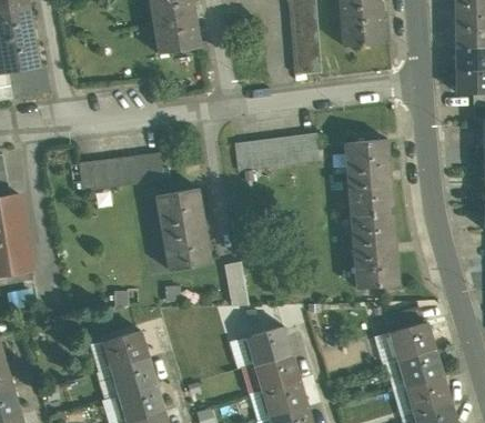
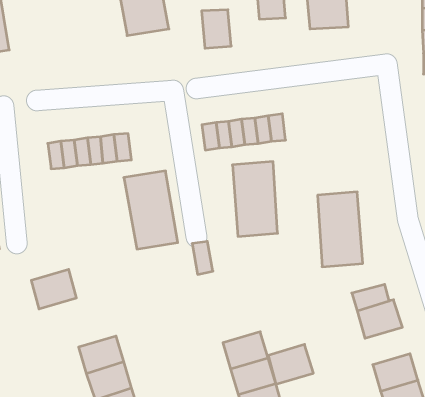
building: [292,37,322,75] -> [202,10,231,48]
building: [345,140,391,215] -> [232,162,278,236]
building: [247,324,293,364] -> [268,344,313,384]
building: [102,329,148,369] -> [31,269,76,309]
building: [398,349,444,386] -> none

